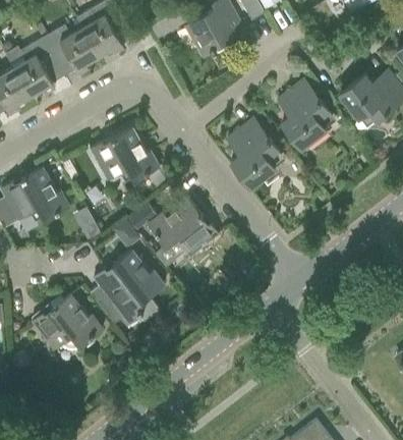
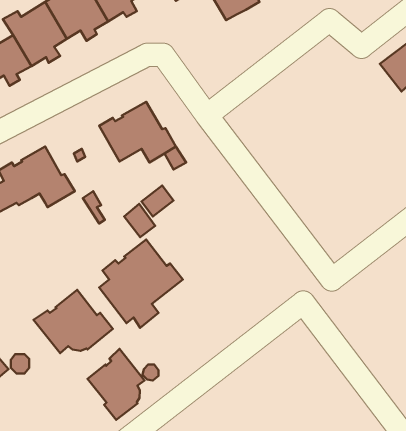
building: [281,79,328,148] -> none
building: [231,119,278,186] -> none
building: [148,198,218,256] -> none
building: none -> [87,349,144,420]

